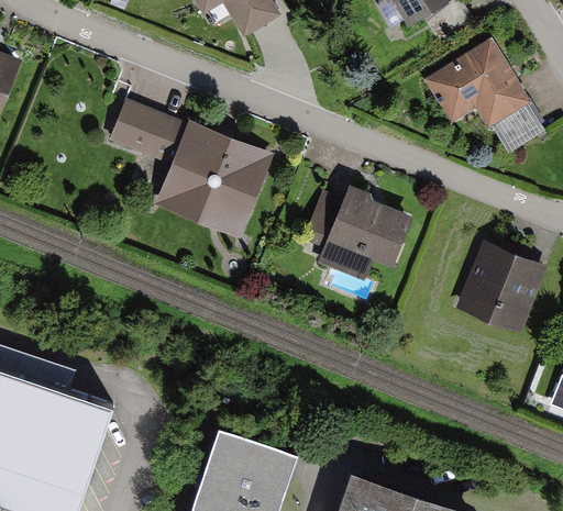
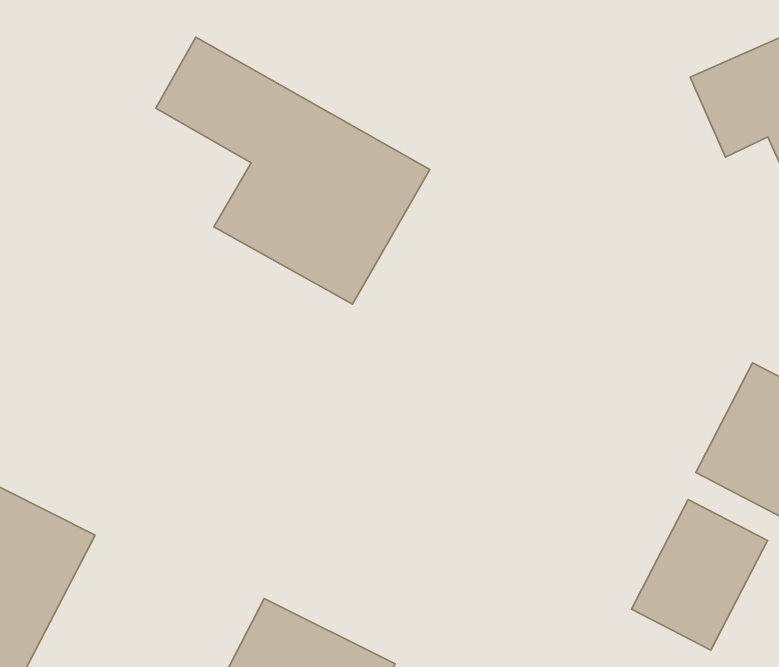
building: [301,184,412,281] -> none
building: none -> [631,500,767,650]

